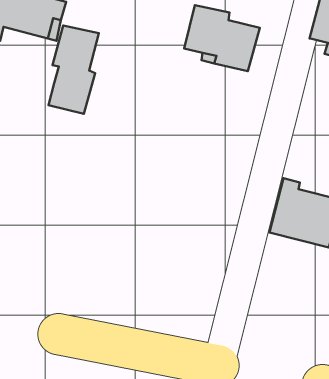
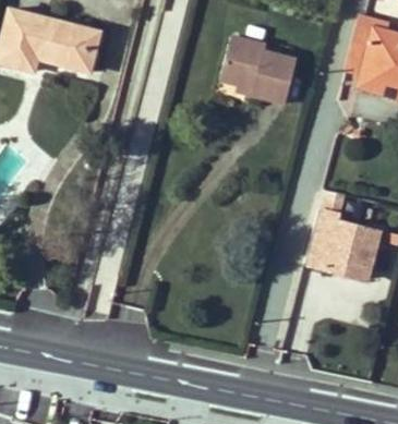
building: [49,25,99,114] -> none

